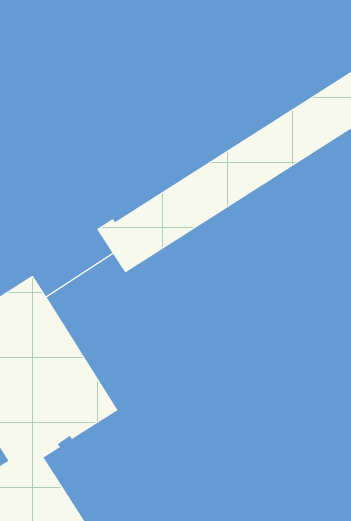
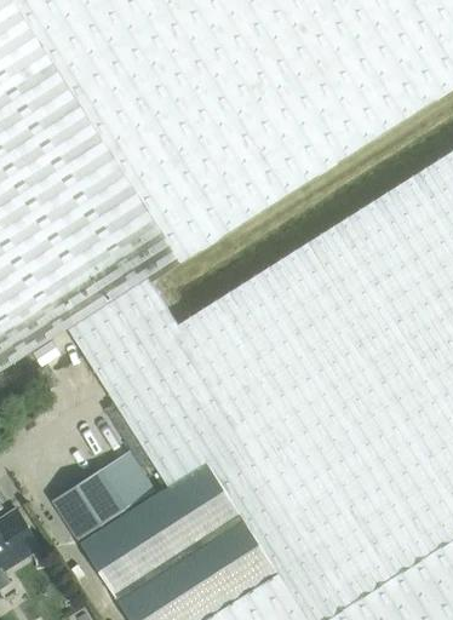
building: none -> [53,452,155,541]

